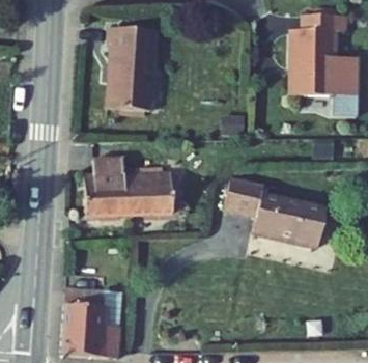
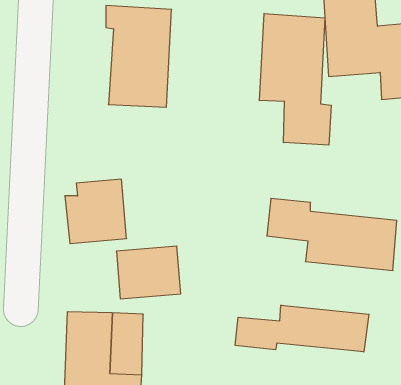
building: none -> [259,13,331,145]
building: [117,173,169,216] -> [116,246,181,299]
building: none -> [235,305,369,352]

